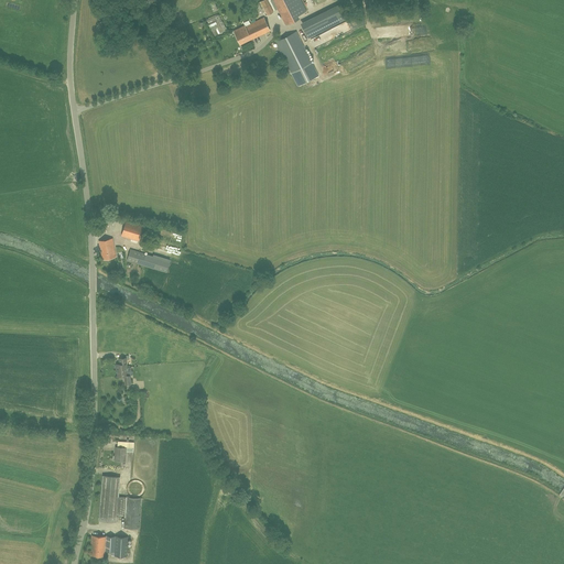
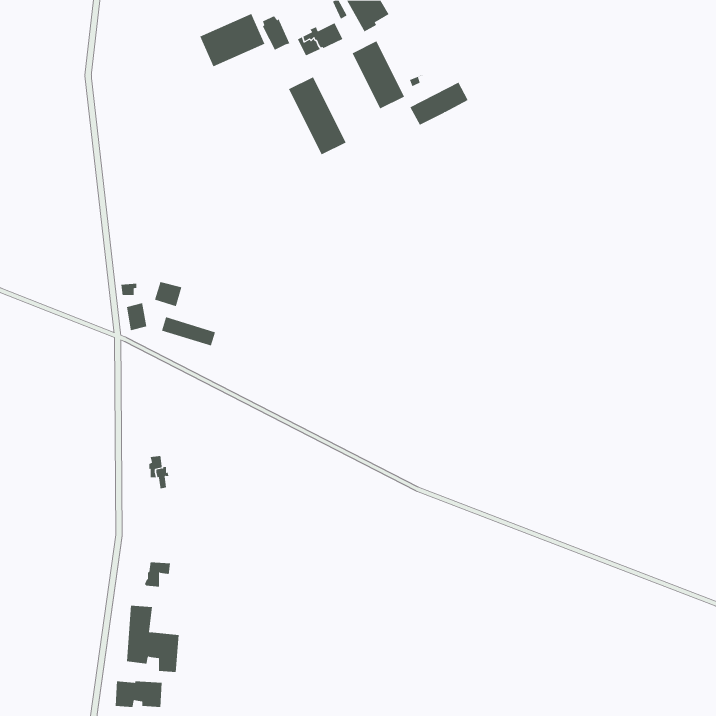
building: [301,4,347,39] -> [410,82,468,125]
building: none -> [199,13,265,67]
building: none -> [288,76,346,155]

